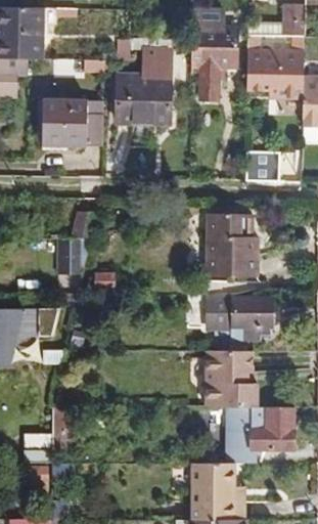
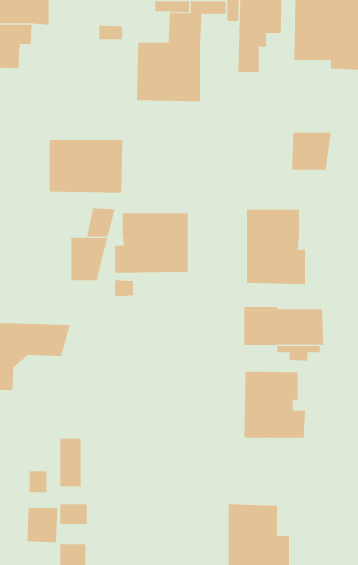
building: [41,101,103,146] -> [49,140,123,193]
building: none -> [115,212,188,273]
building: [225,407,293,464] -> none

